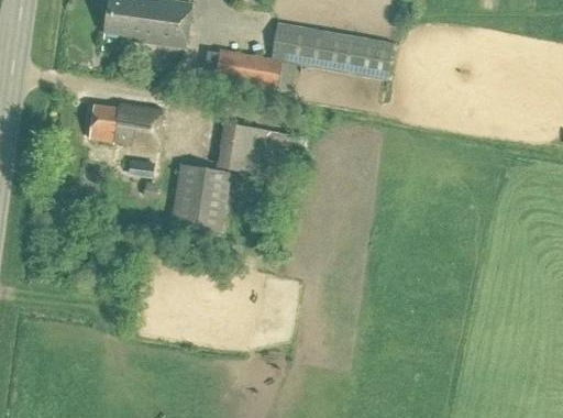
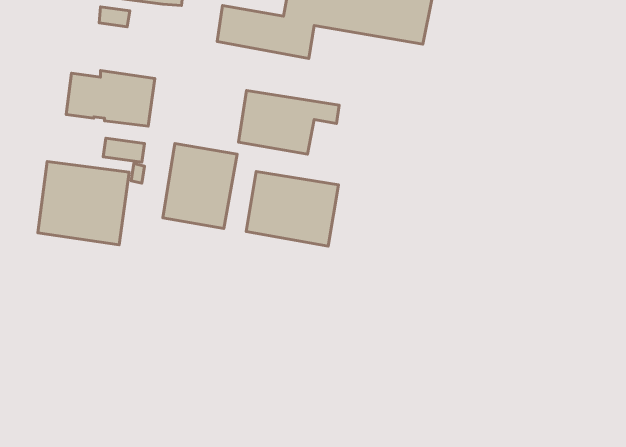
building: none -> [38,162,129,245]
building: none -> [246,171,339,246]

